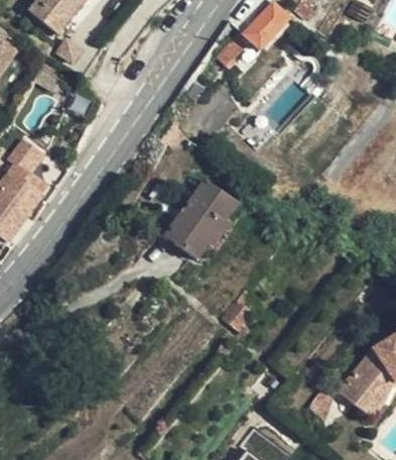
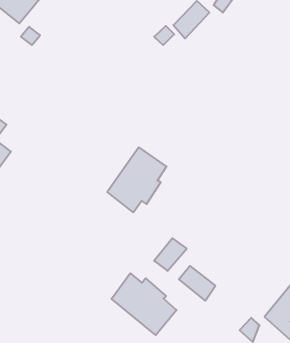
building: none -> [179,266,215,301]
building: none -> [111,273,177,335]

